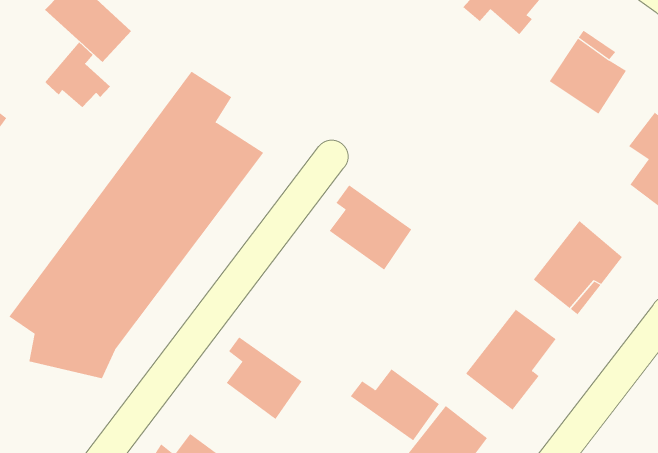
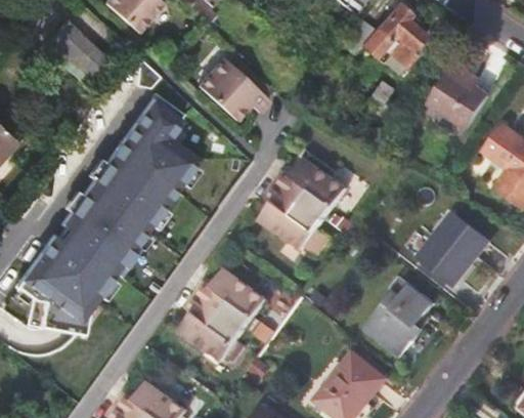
building: none -> [194,54,266,116]
building: [44,41,111,108] -> none
building: none -> [274,159,344,217]
building: [350,369,440,441] -> [189,279,259,335]

